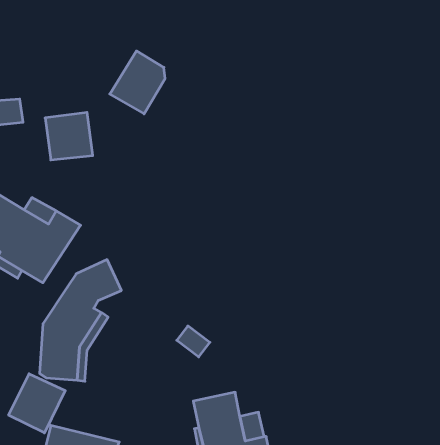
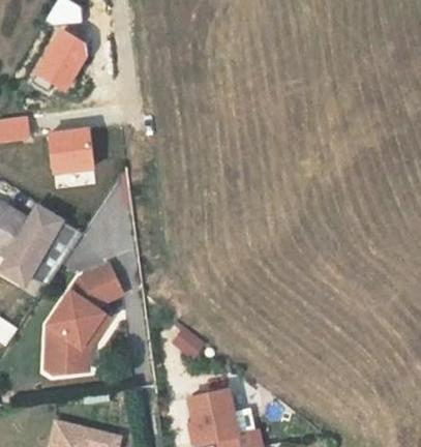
building: [110,51,165,114] -> [33,32,85,91]
building: [9,374,65,433] -> none

